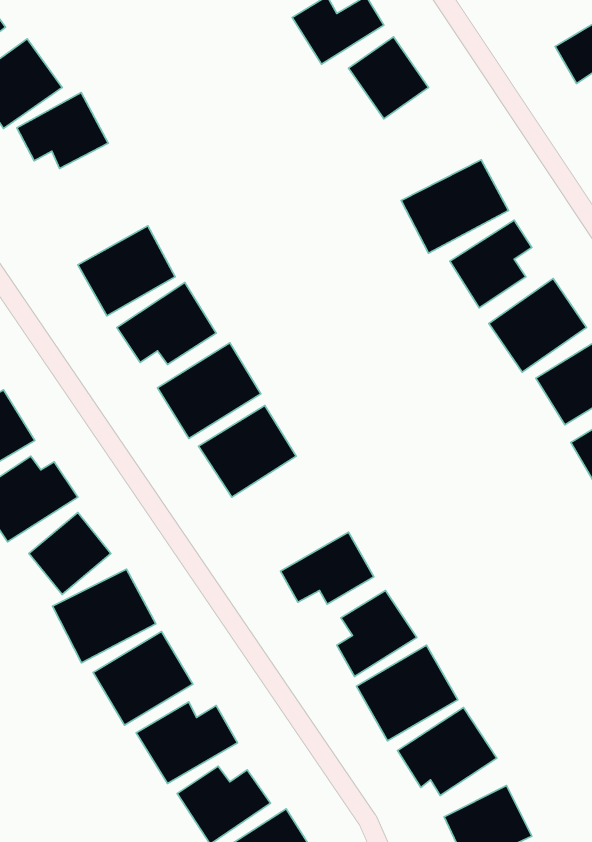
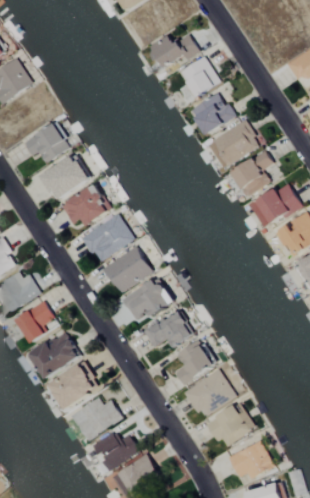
building: [17,93,108,169] -> [24,122,71,161]
building: none -> [192,94,235,137]
building: none -> [123,278,173,322]

